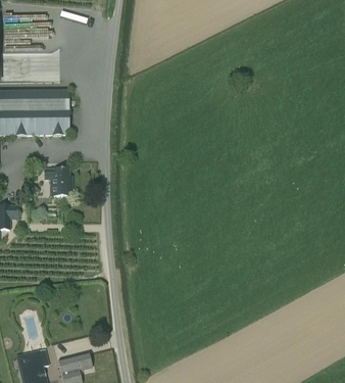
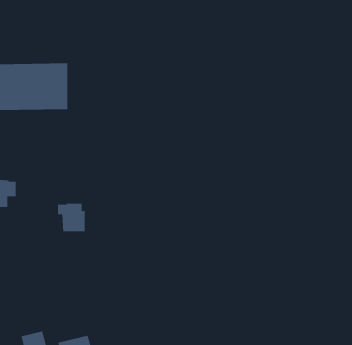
building: [44,166,71,194] -> [57,203,86,232]

